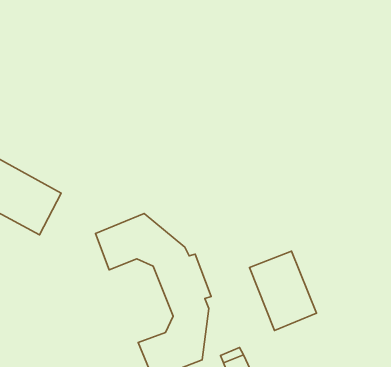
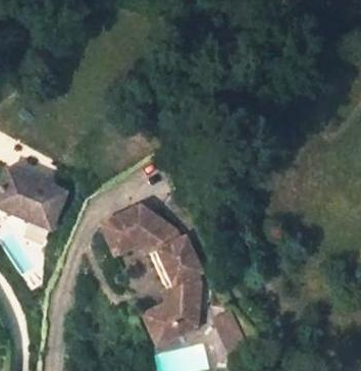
building: [250,251,317,330] -> none

